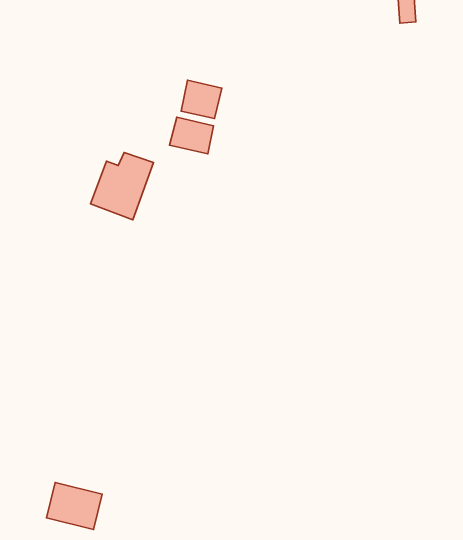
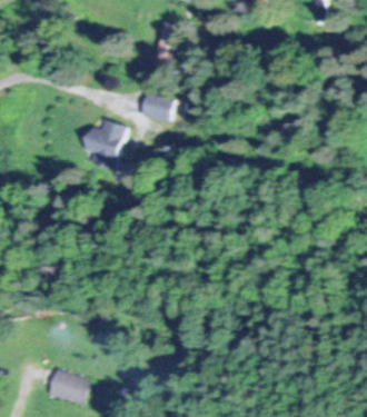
building: [181,80,222,119] -> none

